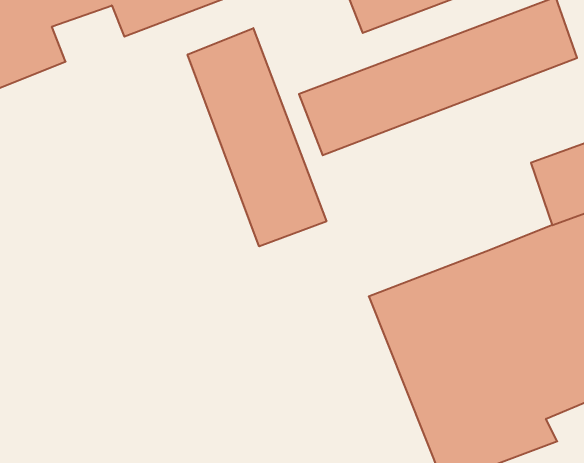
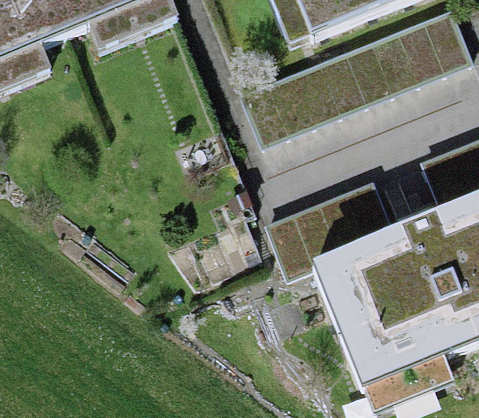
building: [188,28,326,246] -> none
building: none -> [268,174,397,265]

